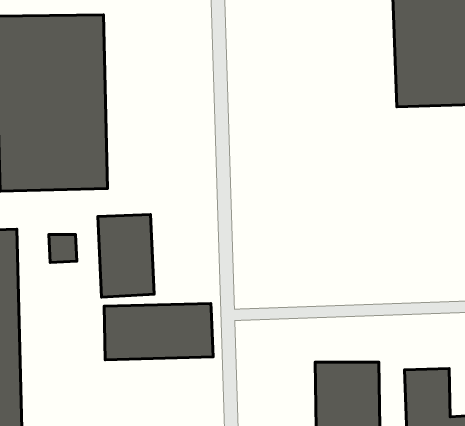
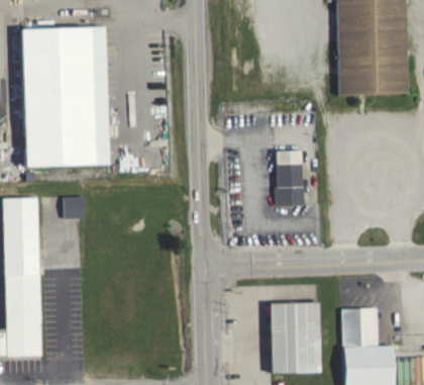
building: none -> [275,157,303,212]
building: [98,214,154,297] -> none
building: [104,304,213,360] -> none

